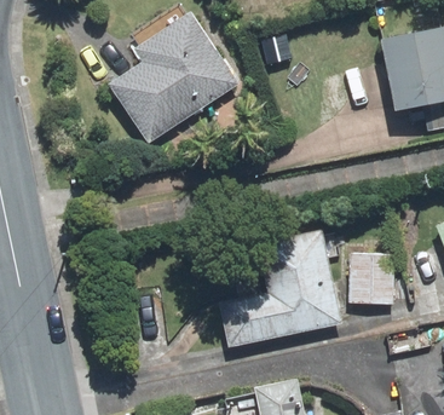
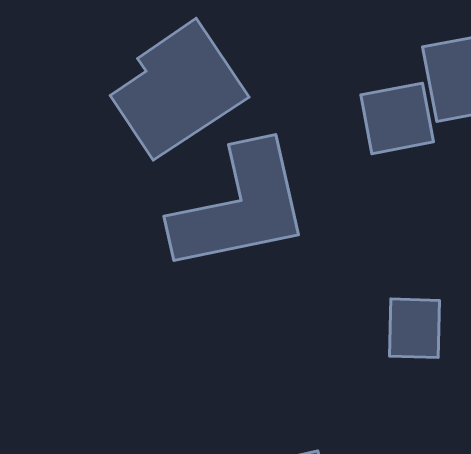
building: none -> [361,83,434,154]
building: [224,234,338,340] -> [164,134,299,261]

